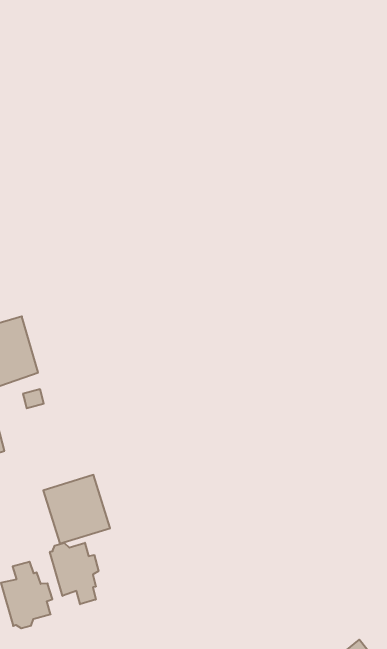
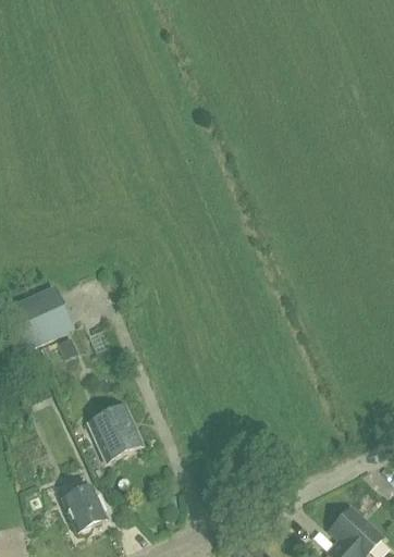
building: [50,543,98,604] -> none

